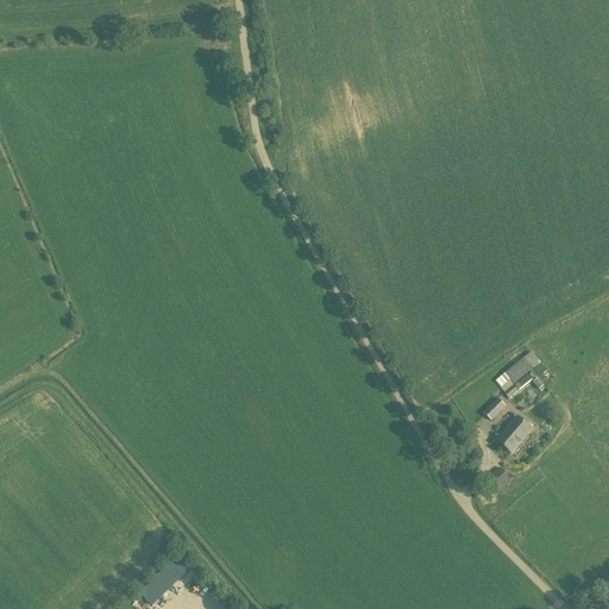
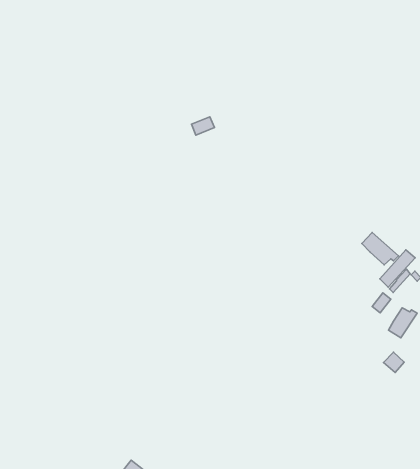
building: none -> [362,232,398,265]

